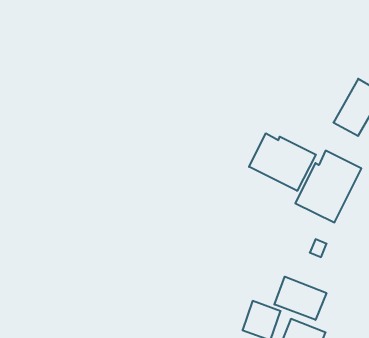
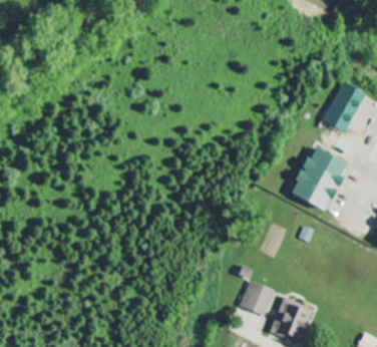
building: [249,133,316,191] -> none
building: [274,277,326,320] -> none

